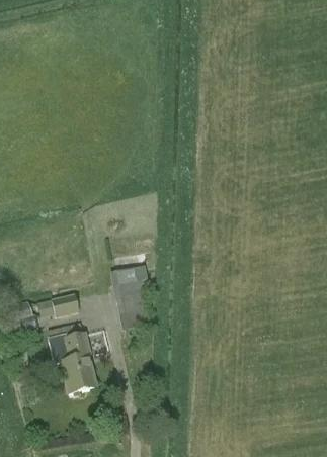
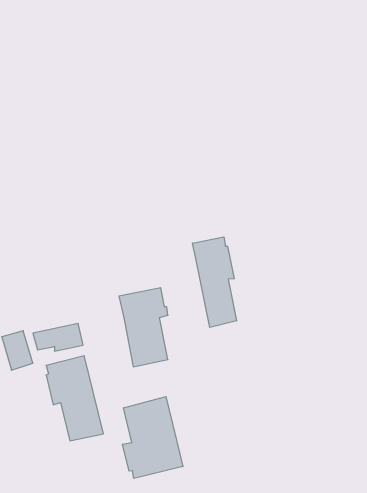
building: none -> [193,237,237,327]
building: none -> [122,397,183,478]

